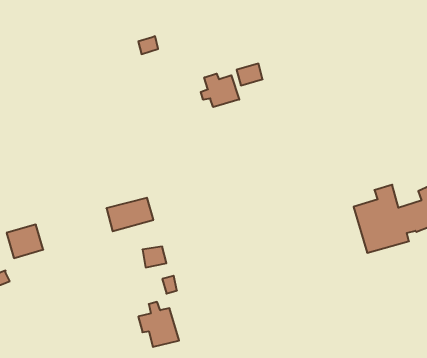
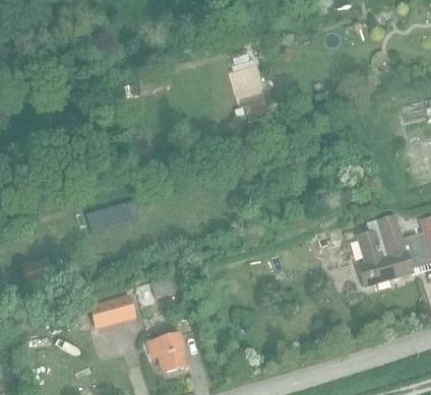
building: [201,74,239,107] -> none
building: [106,198,153,231] -> [93,295,138,328]

